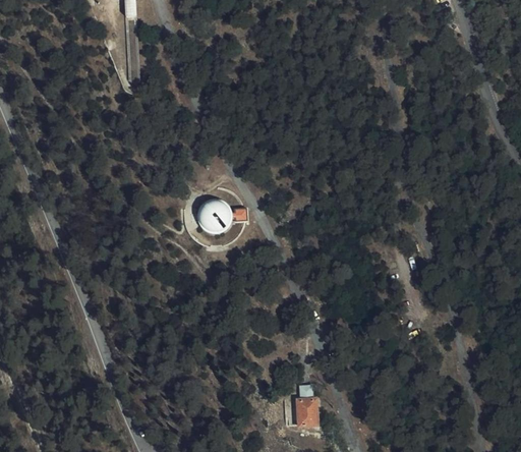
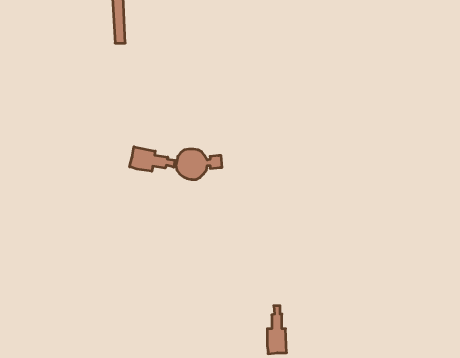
building: none -> [130,147,175,171]

